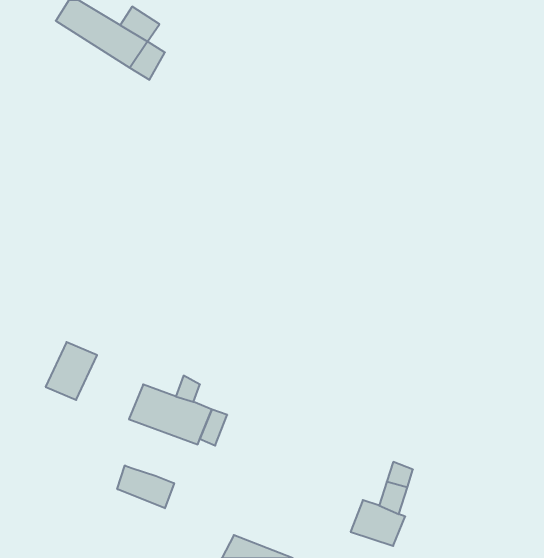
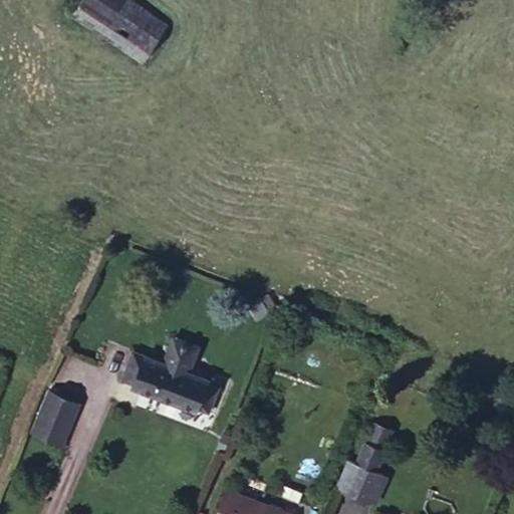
building: [46,342,97,400] -> [31,393,78,446]
building: [117,465,174,508] -> none

